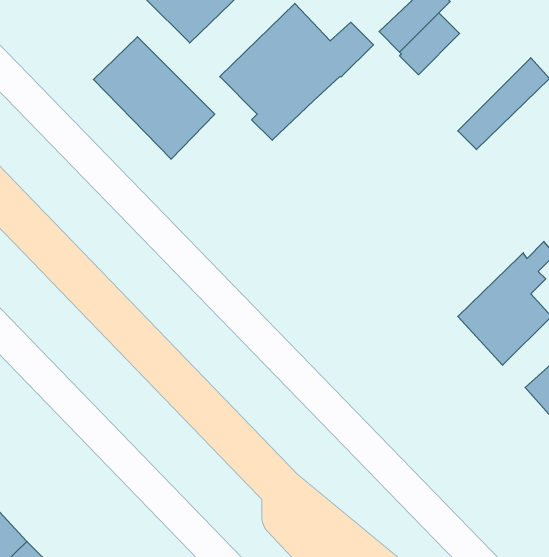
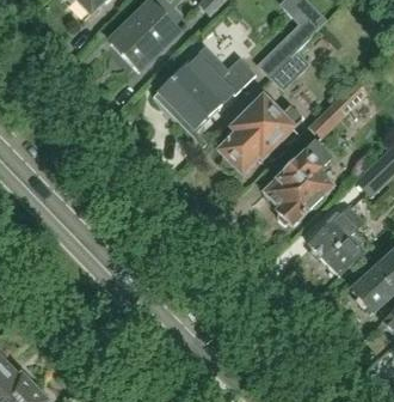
building: [93,37,215,159] -> none
building: none -> [217,93,301,173]
building: none -> [263,141,333,226]

